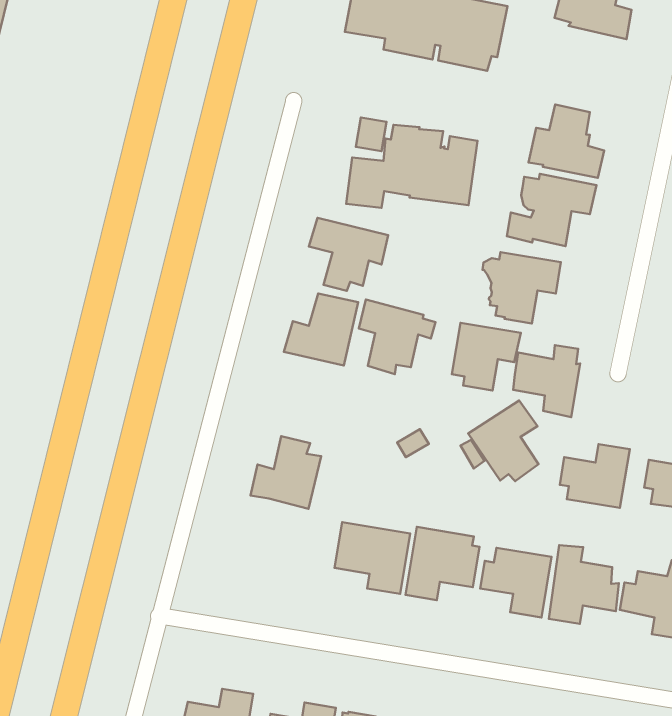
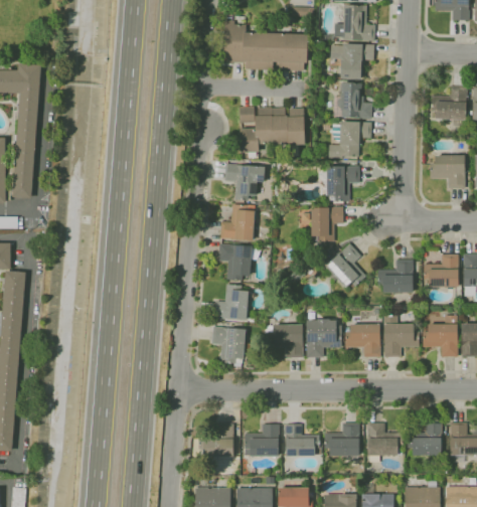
building: none -> [330,44,373,78]
building: [359,299,435,374] -> [218,243,259,281]
building: [513,345,580,417] -> none
building: none -> [211,327,246,363]

